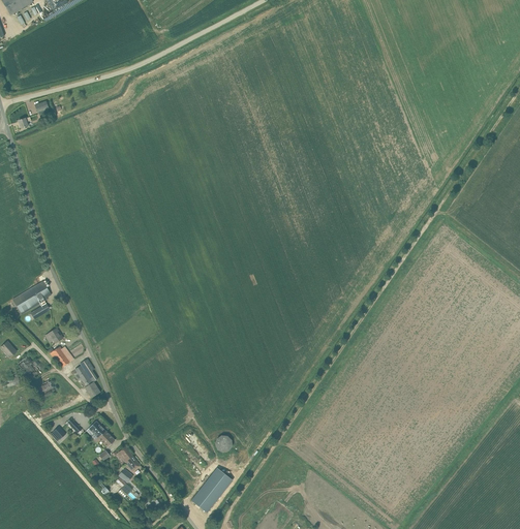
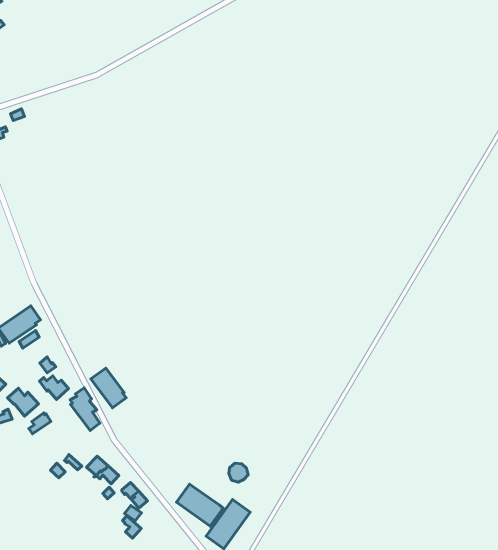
building: none -> [91,368,126,408]
building: none -> [177,484,223,526]

